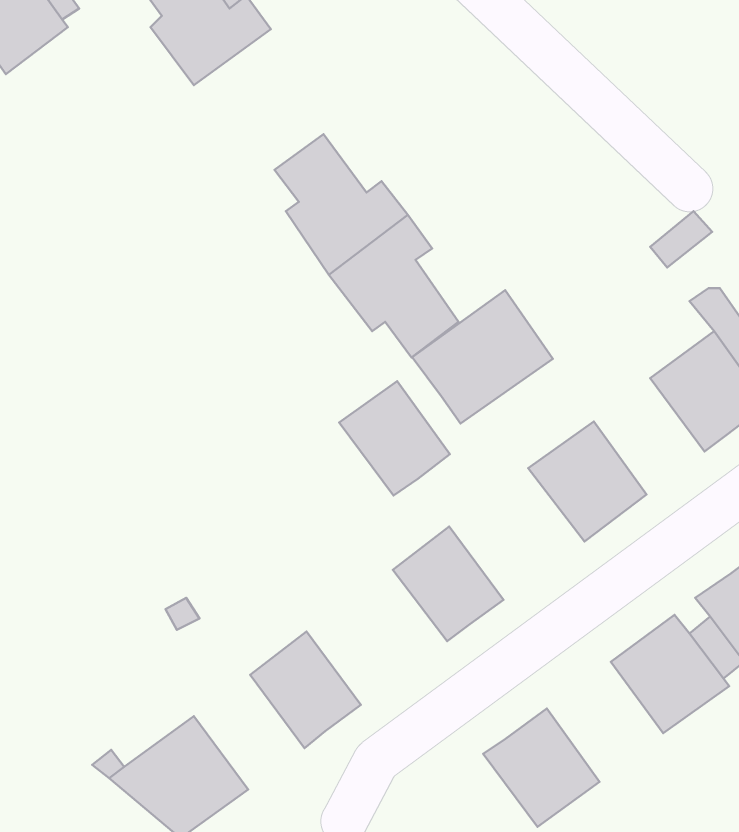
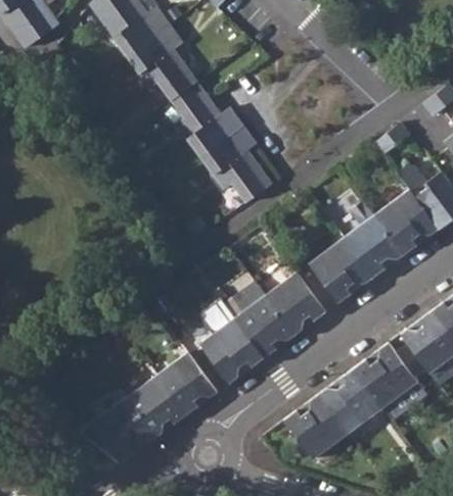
building: none -> [127,23,197,100]
building: [412,290,553,423] -> none
building: none -> [345,213,405,277]
building: [339,381,450,496] -> [266,271,326,334]
building: none -> [200,317,265,382]
building: none -> [319,367,382,433]
building: none -> [127,375,187,437]

